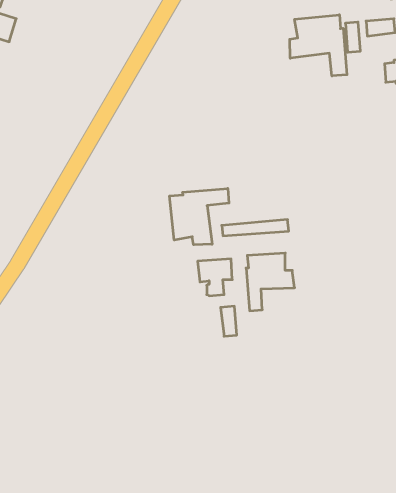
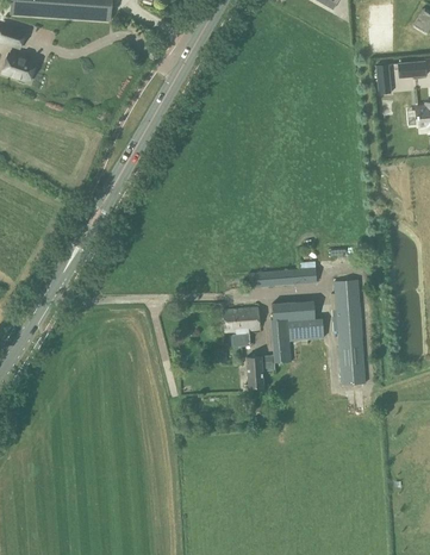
building: [290,15,347,76] -> none
building: [170,188,229,245] -> none
building: none -> [331,278,366,382]

